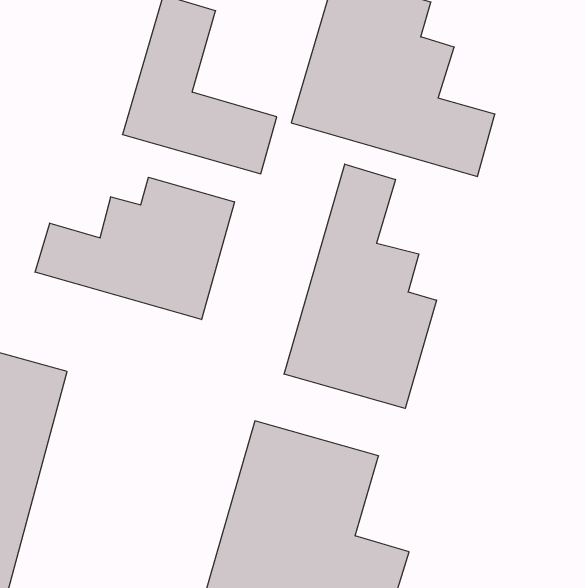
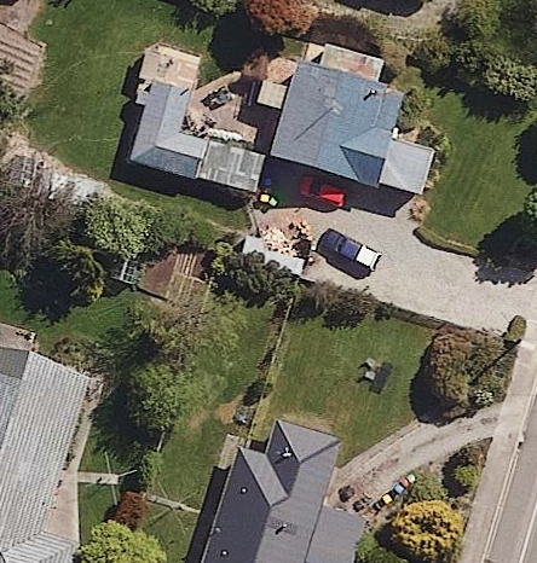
building: [284,164,437,408] -> none
building: [35,177,234,320] -> none

